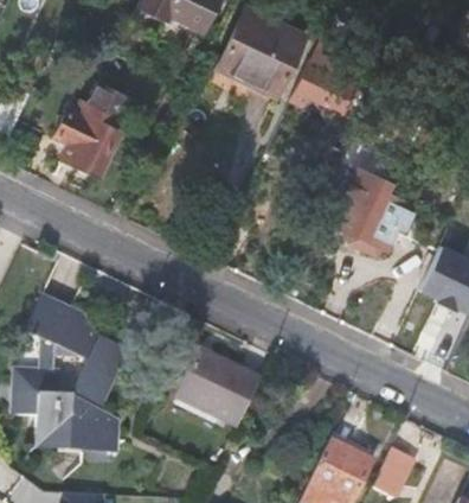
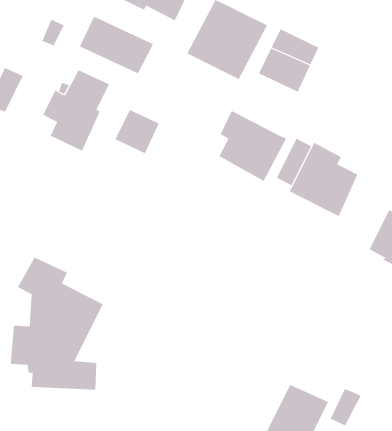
building: none -> [79,16,154,74]
building: none -> [114,109,160,154]
building: none -> [219,110,287,182]
building: [172,348,259,426] -> none

